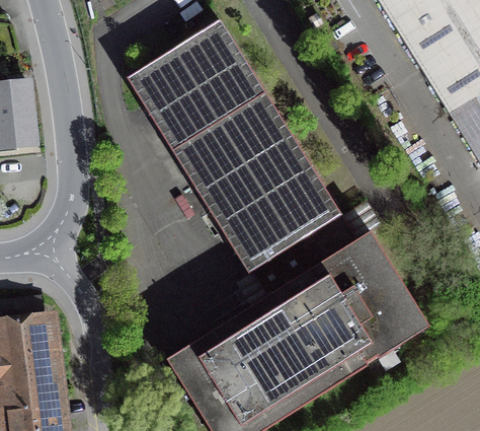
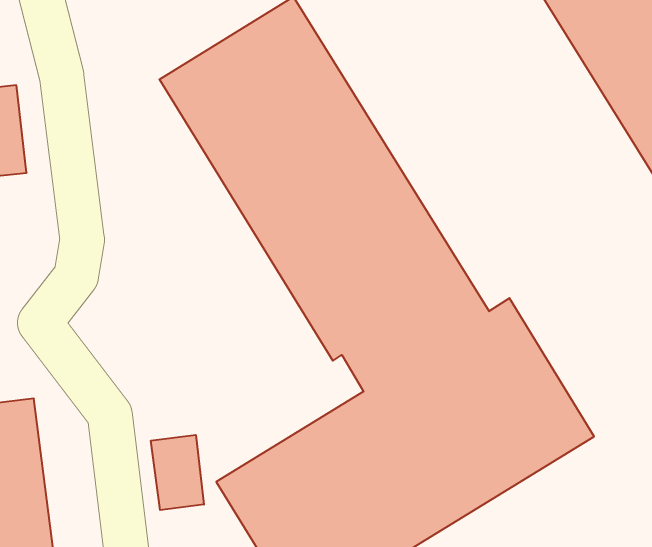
building: none -> [151,435,204,510]

